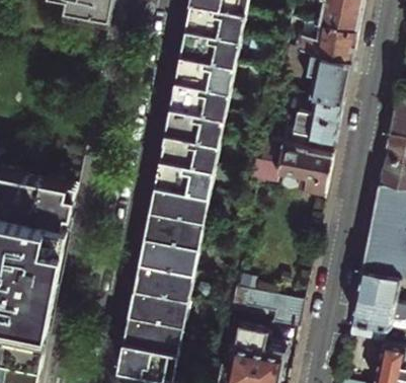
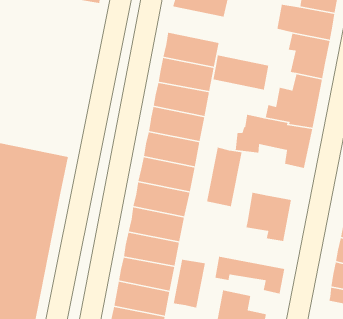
building: [180,25,240,63] -> [212,55,269,90]
building: none -> [206,147,242,207]
building: none -> [245,192,292,242]
building: none -> [173,259,206,309]

